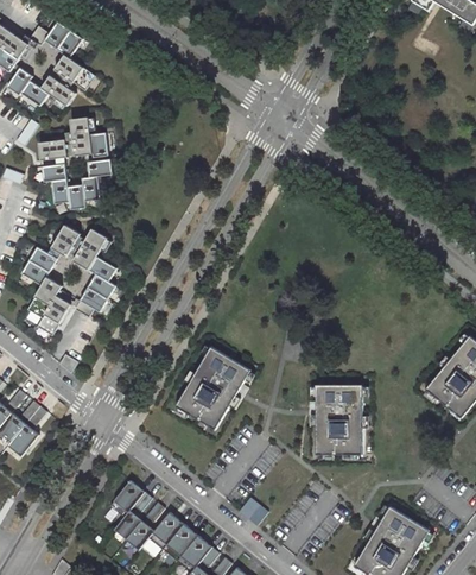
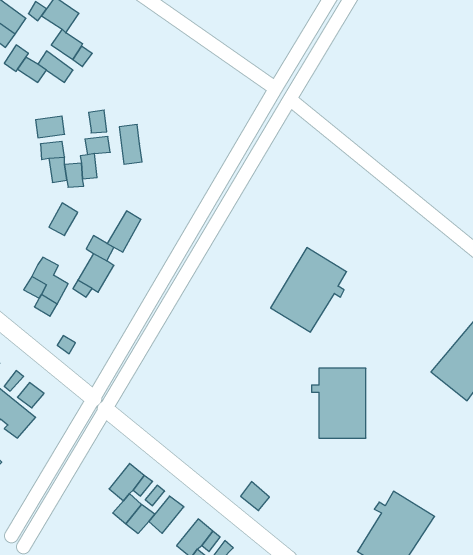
building: [70,115,93,154] -> [119,125,142,164]
building: [72,228,106,268] -> [107,211,141,252]
building: [21,246,56,284] -> none
building: [177,347,252,430] -> [271,248,347,332]
building: [163,523,198,561] -> none

